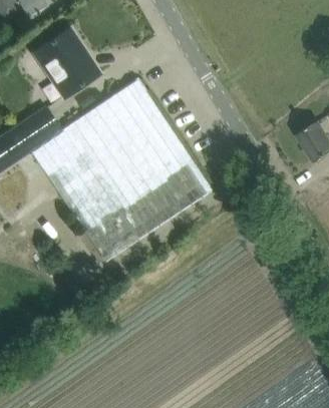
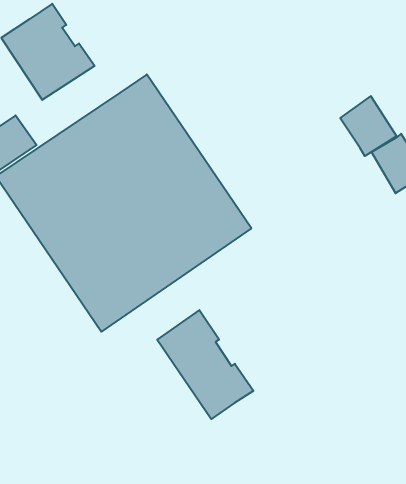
building: none -> [340,96,396,156]
building: none -> [157,310,253,419]

